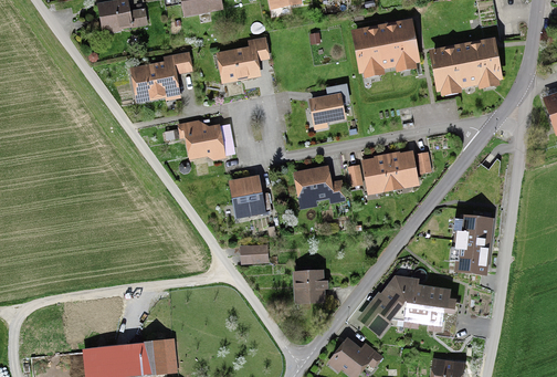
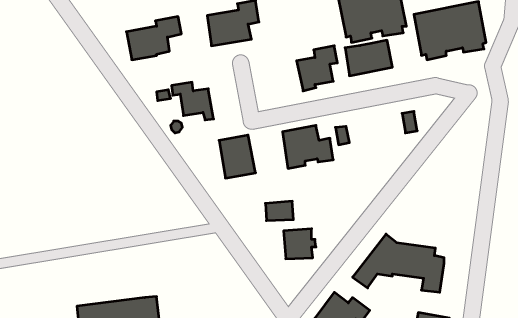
building: [367,154,416,190] -> [345,40,392,76]
building: [458,217,492,271] -> none
building: [240,243,269,263] -> [265,201,293,221]

